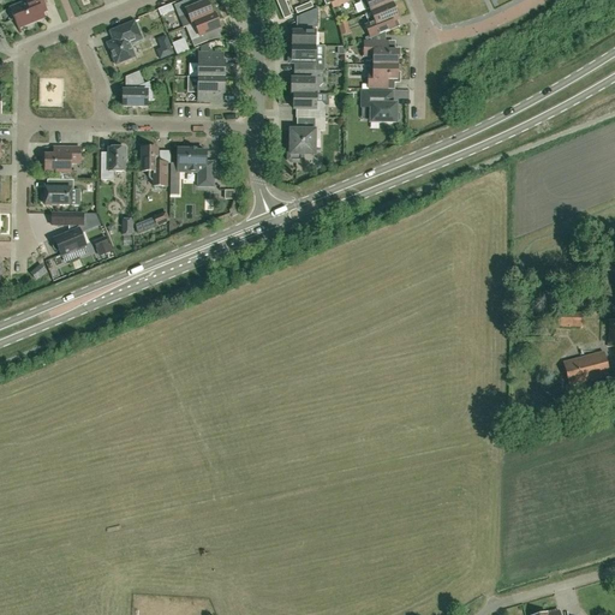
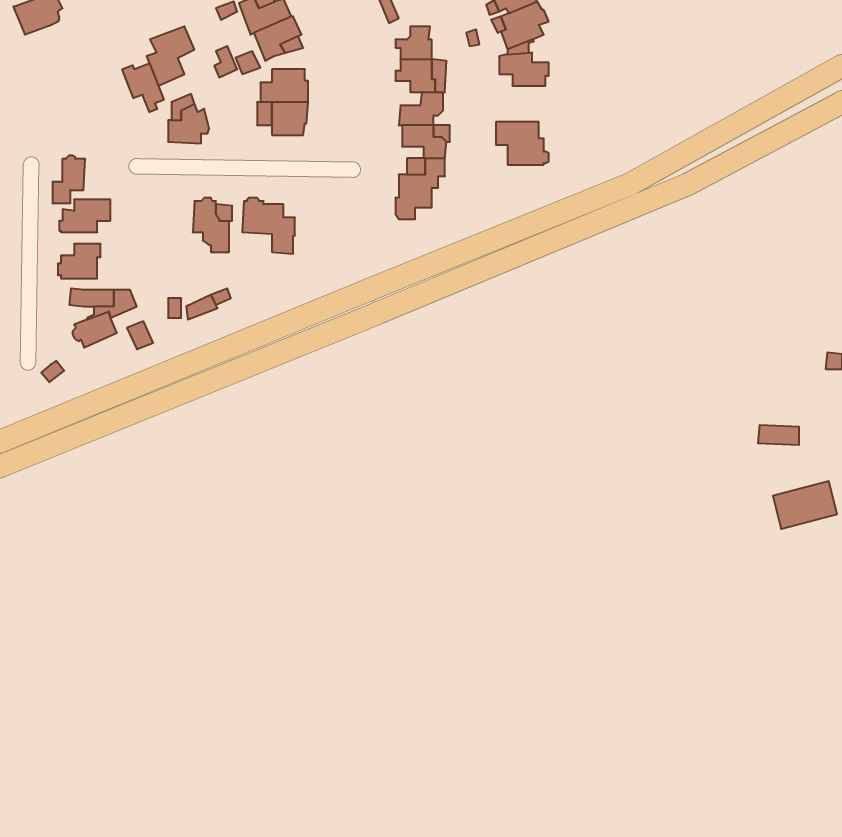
building: none -> [122,63,164,112]
building: [368,62,400,86] -> none
building: [101,143,125,178] -> [52,156,85,203]

